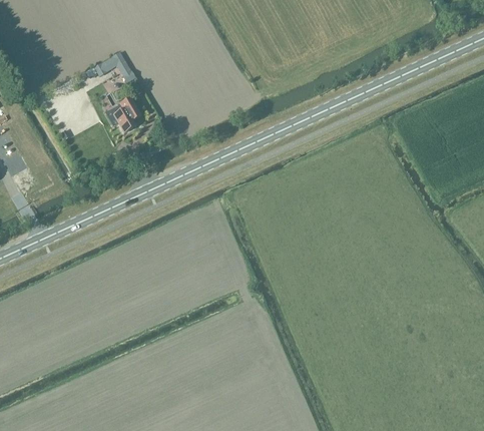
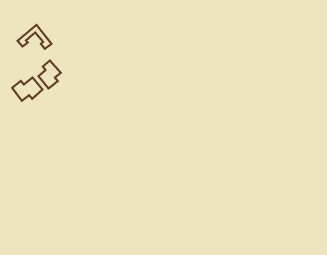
building: none -> [12,77,43,101]

